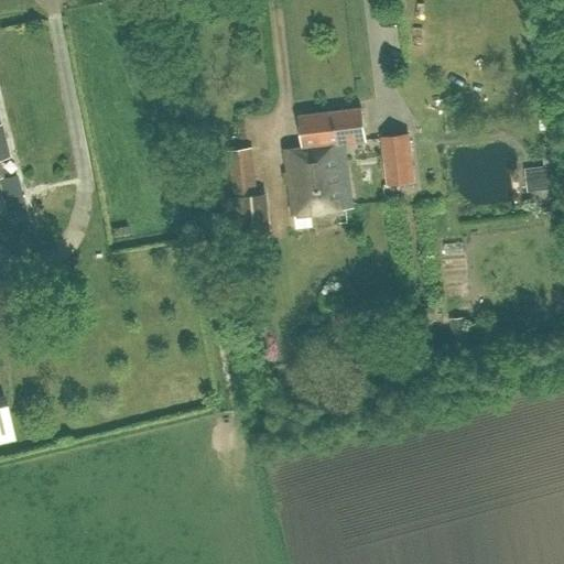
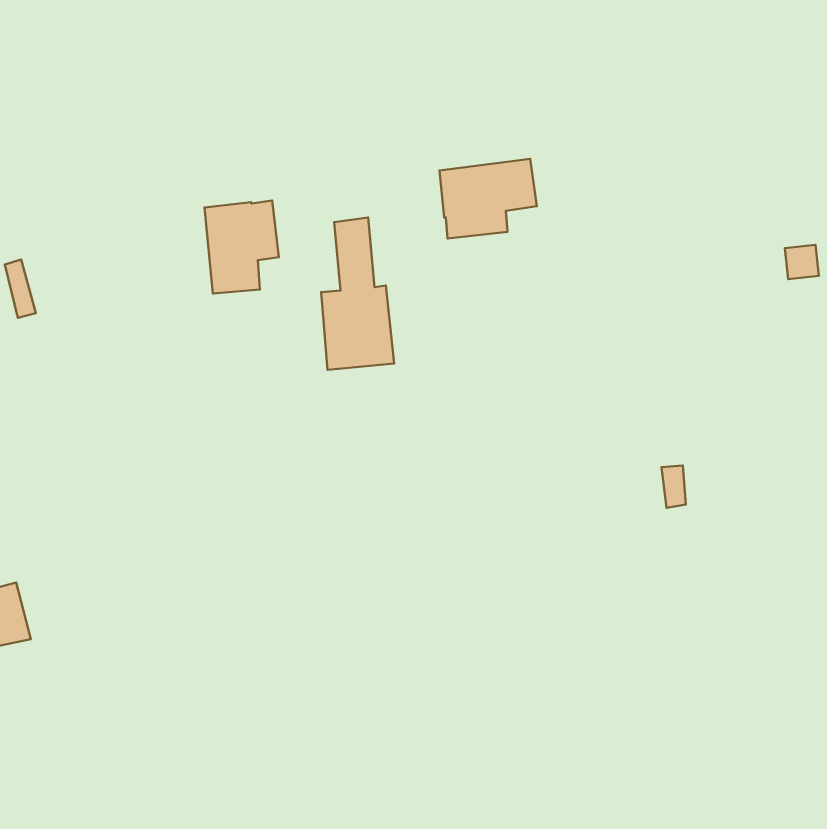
building: [379,133,414,185] -> none
building: none -> [204,201,279,293]
building: [284,148,351,215] -> none

